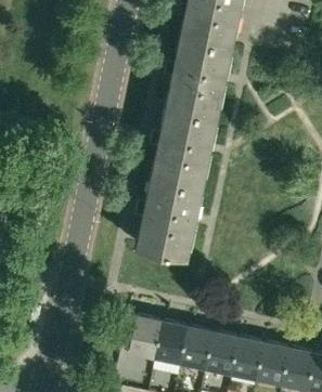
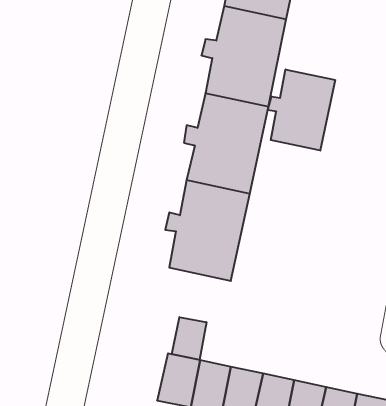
building: none -> [268,69,335,151]
building: none -> [172,317,206,360]

